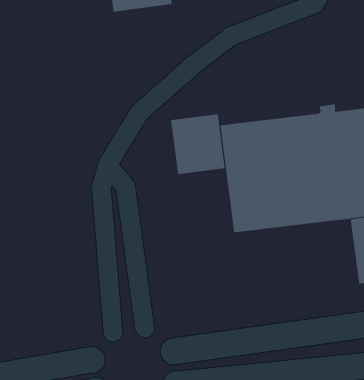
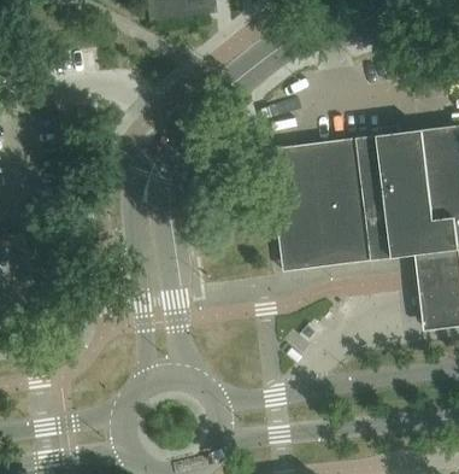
building: [171,114,225,175] -> none

